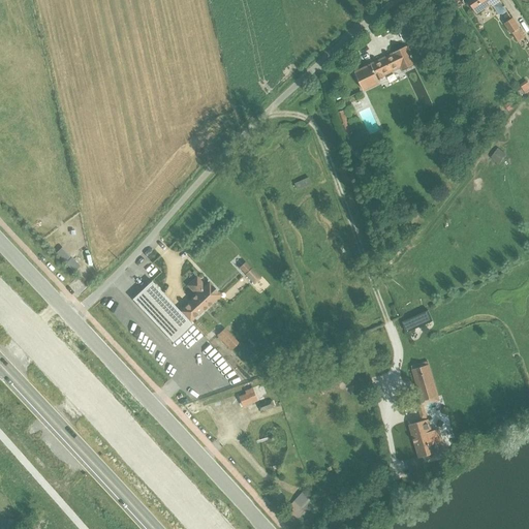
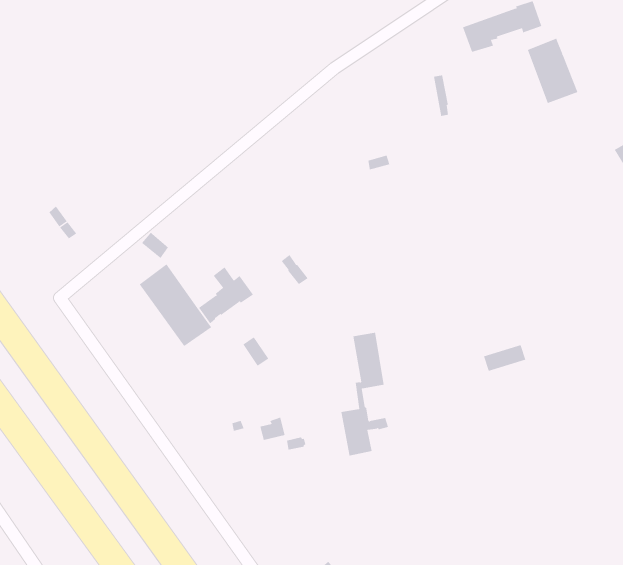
building: none -> [527,38,578,104]
building: [409,360,447,457] -> [341,332,389,456]

